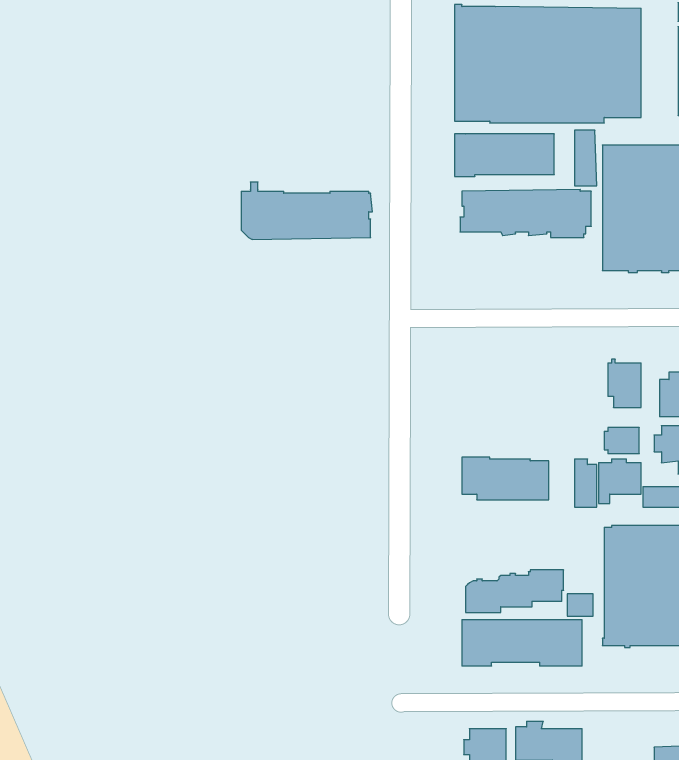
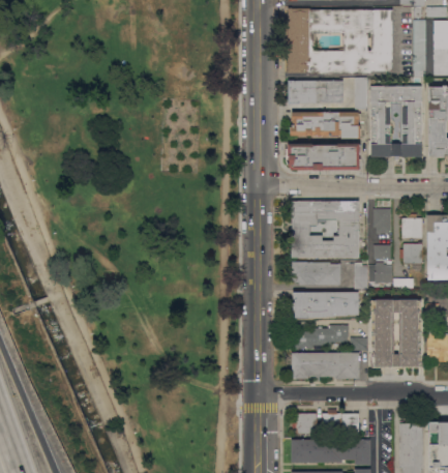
building: [241,182,372,239] -> [288,138,361,170]
building: none -> [291,200,359,257]
building: none -> [293,291,359,318]

